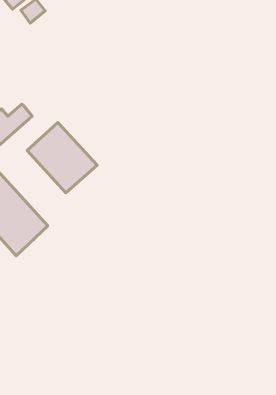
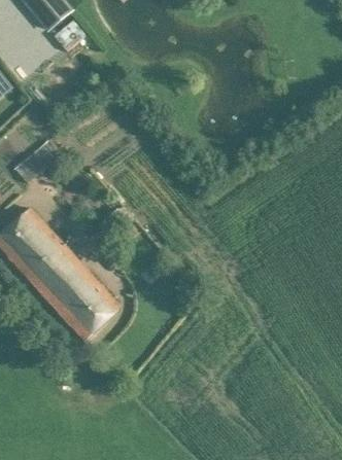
building: [27,122,97,193] -> none
building: none -> [50,270,119,340]

